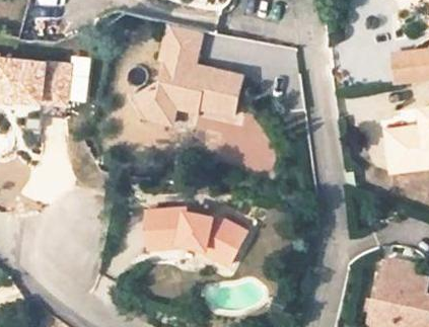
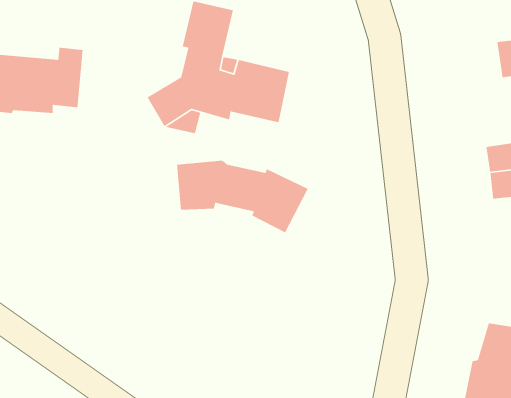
building: [148,209,246,263] -> [176,160,309,234]

